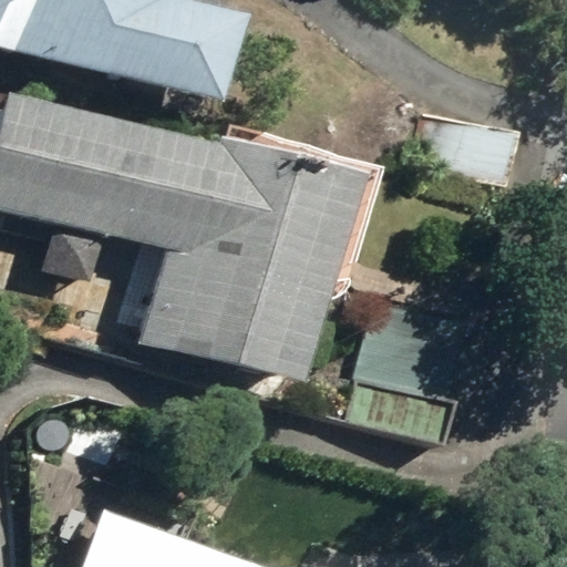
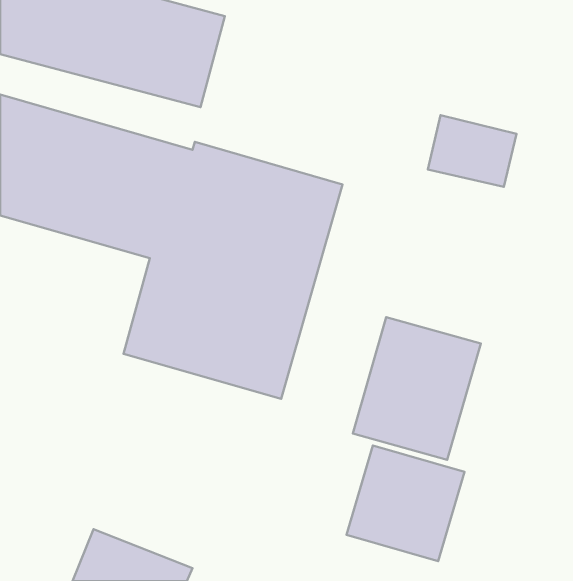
building: none -> [347,445,464,561]

